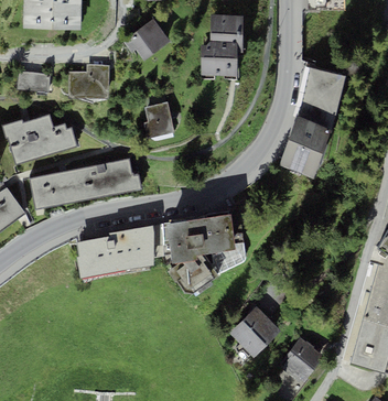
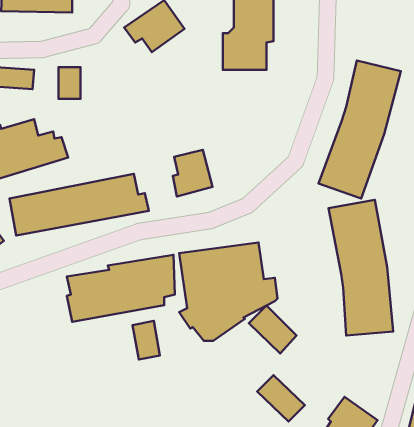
building: [86,66,107,98] -> none
building: [142,101,174,139] -> [173,150,212,196]
building: none -> [329,200,393,336]
building: none -> [133,321,160,360]
building: [241,306,280,345] -> [249,306,297,353]

